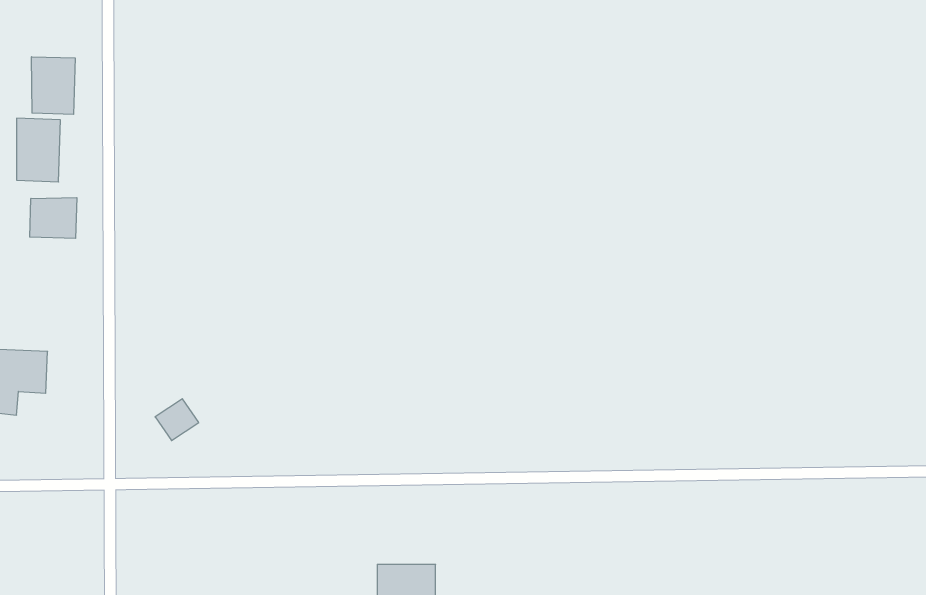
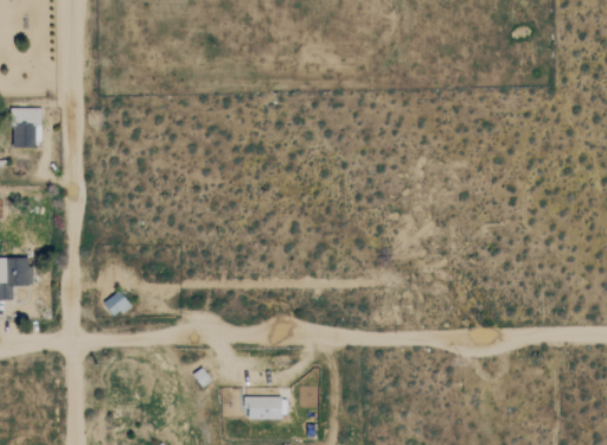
building: [32,57,75,114] -> none
building: [30,198,77,238] -> none

